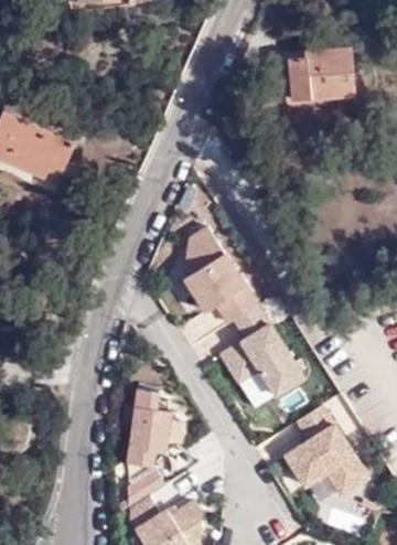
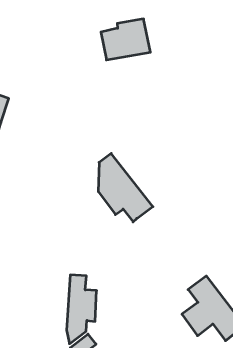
building: [289,46,354,98] -> [101,19,150,60]
building: [219,304,303,395] -> none

